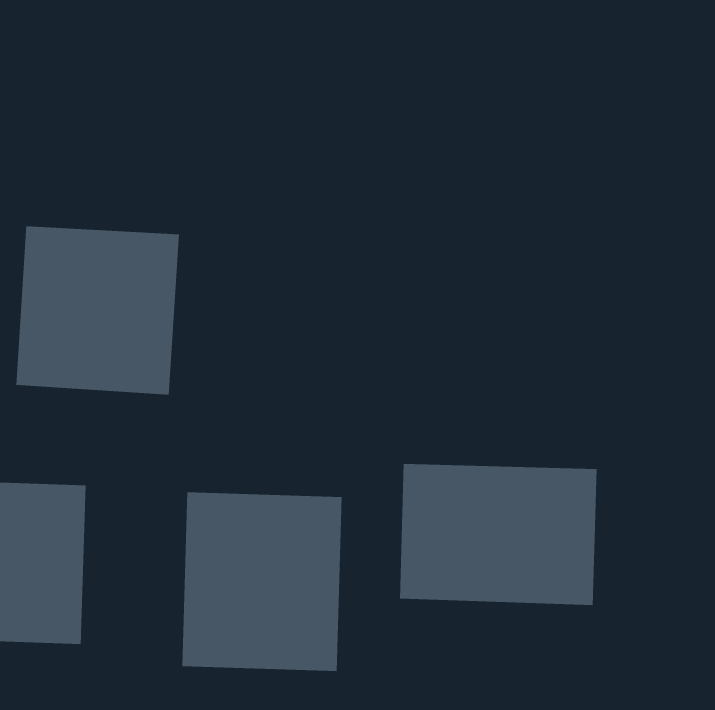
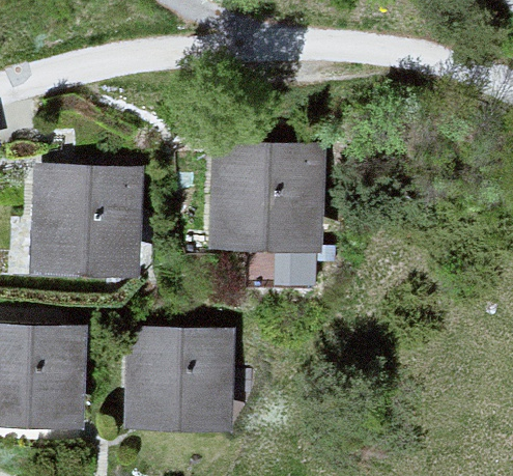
building: none -> [218,144,320,255]
building: [399,463,597,606] -> none

